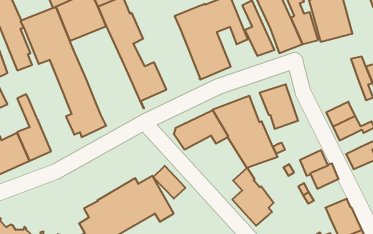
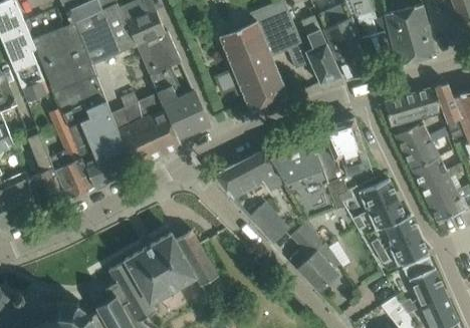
building: none -> [384,87,442,126]
building: none -> [111,93,181,169]
building: none -> [50,100,105,200]
building: none -> [395,121,447,152]
building: none -> [420,174,455,204]
building: none -> [363,180,398,211]
building: [153,166,185,199] -> [249,203,288,243]
building: none -> [393,234,428,265]

